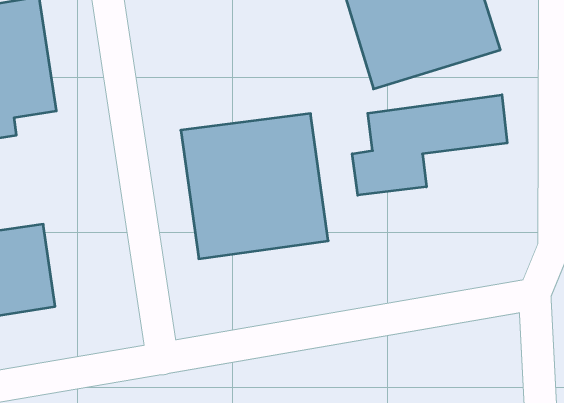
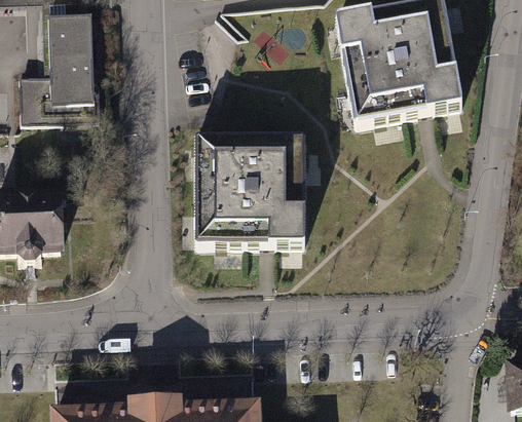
building: [352,95,507,195] -> none

